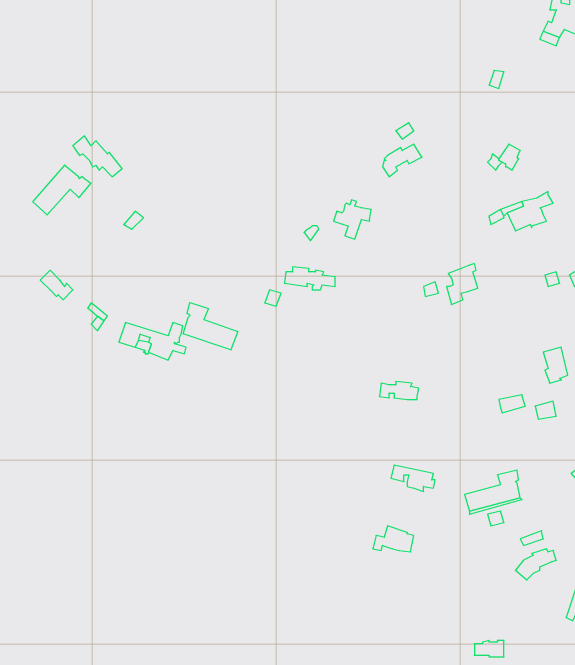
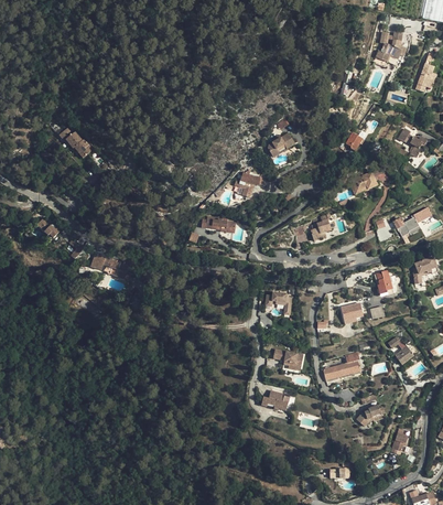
building: [33,165,91,215] -> none
building: [183,303,238,350] -> none

